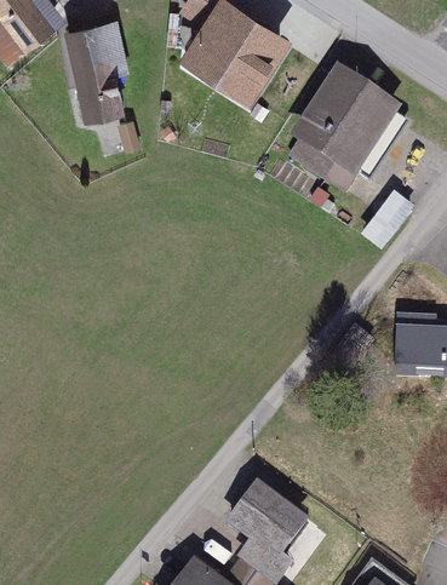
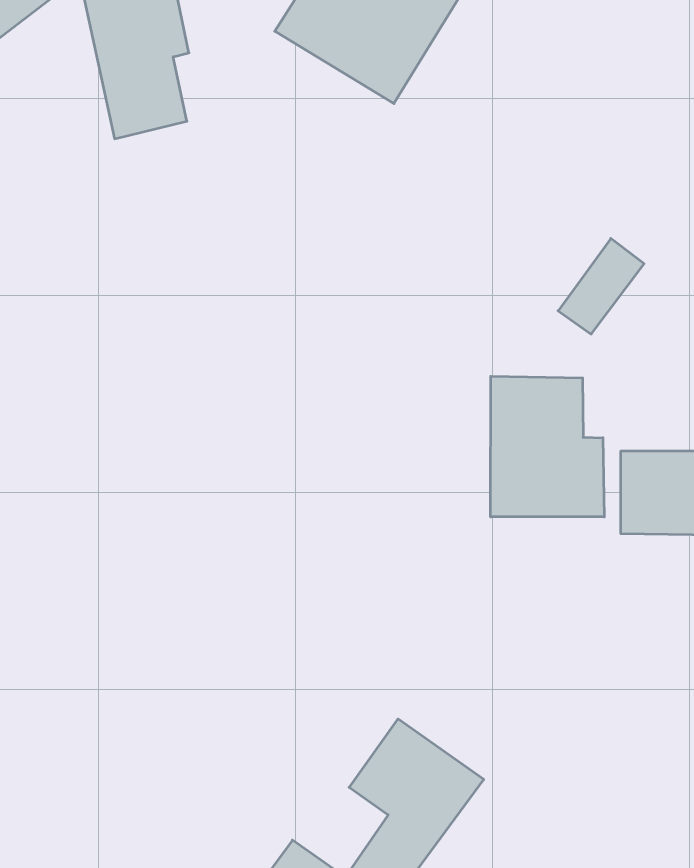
building: [293,70,406,185] -> none
building: none -> [491,376,604,517]

